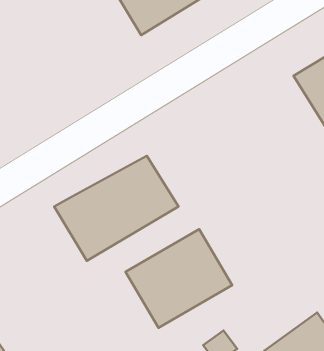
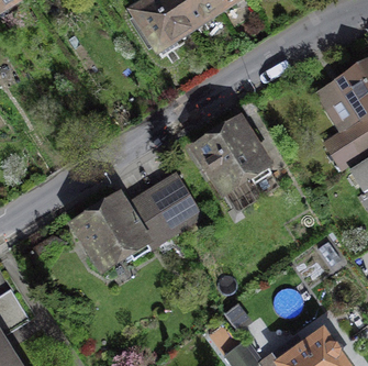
building: none -> [197,112,278,193]
building: [125,229,232,328] -> none

